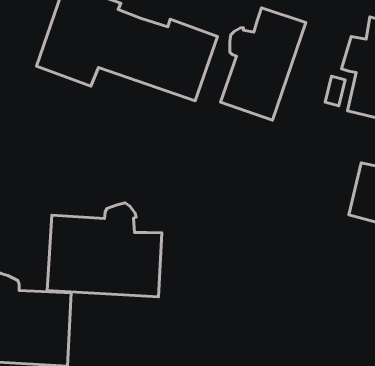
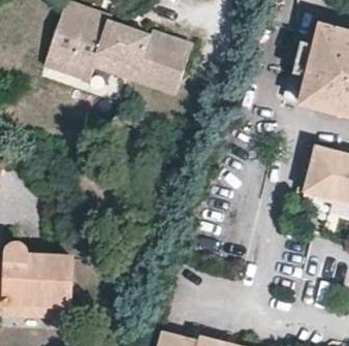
building: [220,8,306,120] -> none
building: [47,203,162,297] -> none

